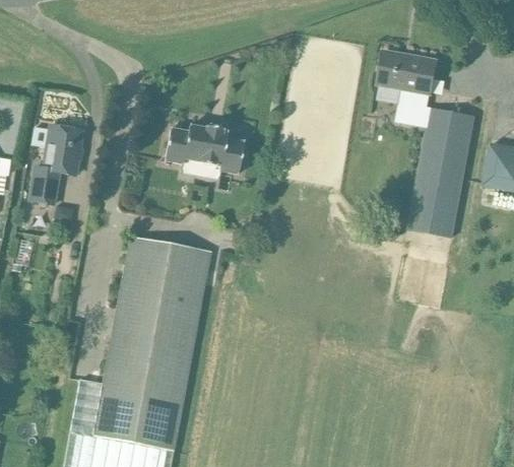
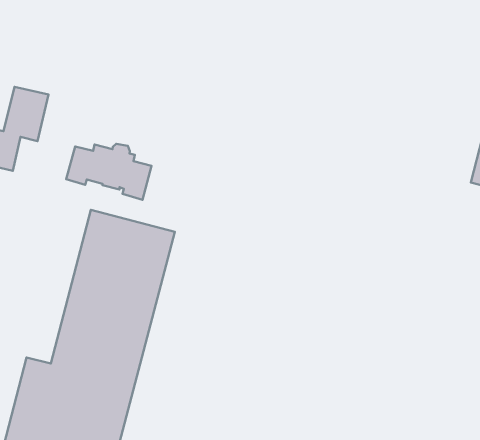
building: [377,51,475,238] -> none
building: [165,123,244,174] -> [66,144,151,200]

